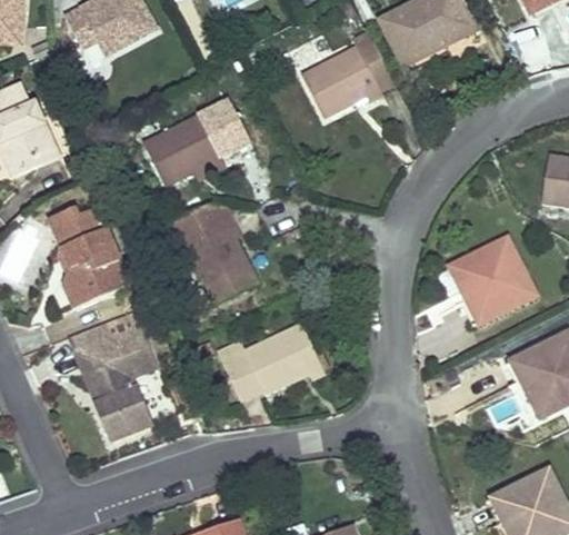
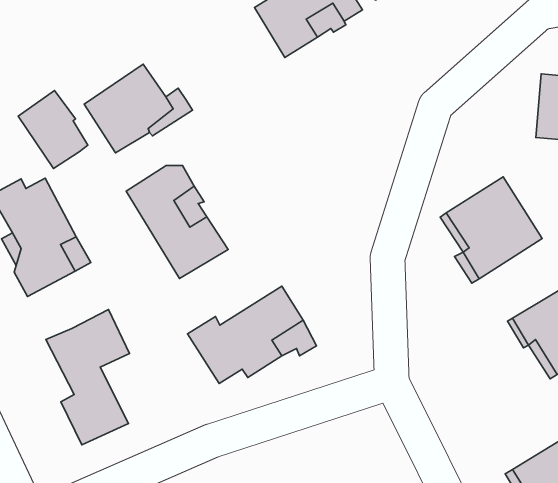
building: [207,96,251,150] -> none
building: none -> [18,91,88,168]
building: [74,325,116,406] -> none

